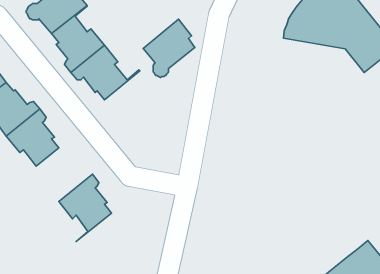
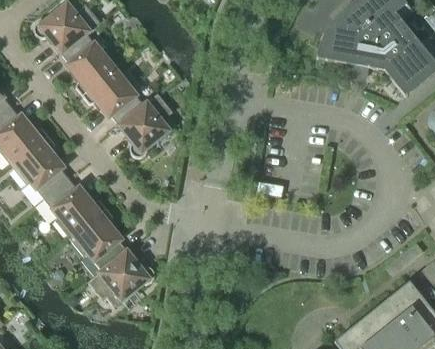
building: [143,19,195,77] -> [119,94,176,158]
building: none -> [44,179,106,238]
building: none -> [88,251,154,307]

